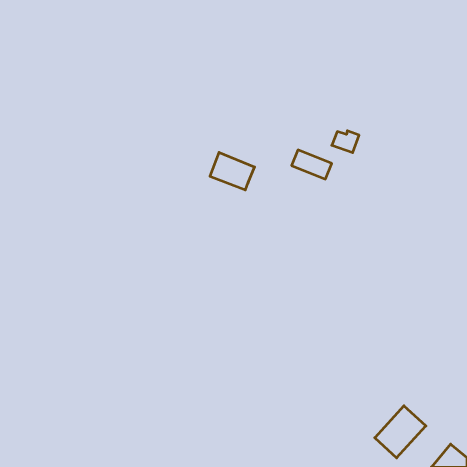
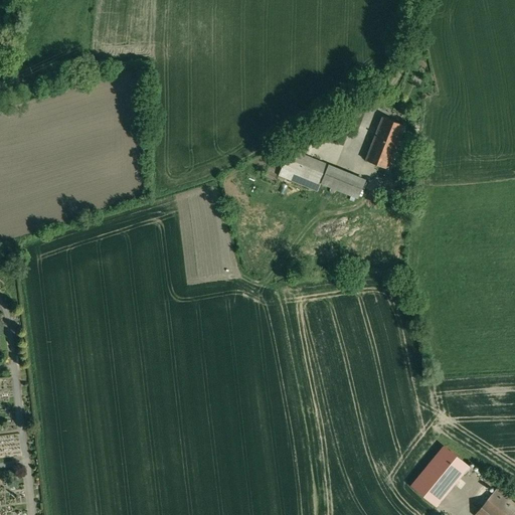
building: none -> [371,117,405,149]
building: [210,152,255,190] -> [279,149,328,190]

